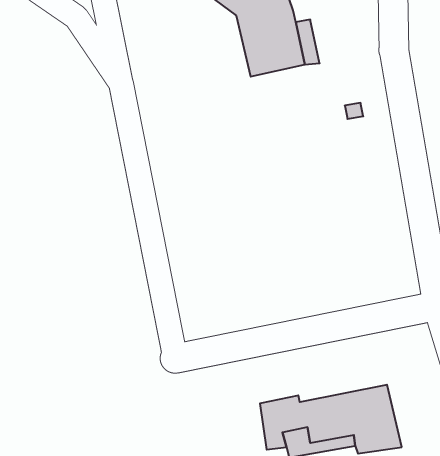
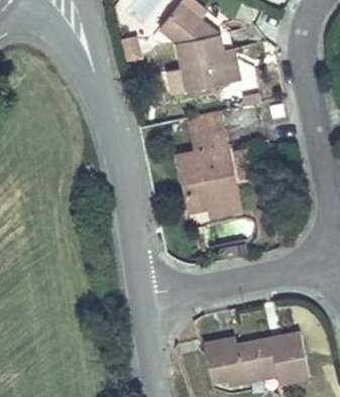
building: none -> [177,114,234,221]

